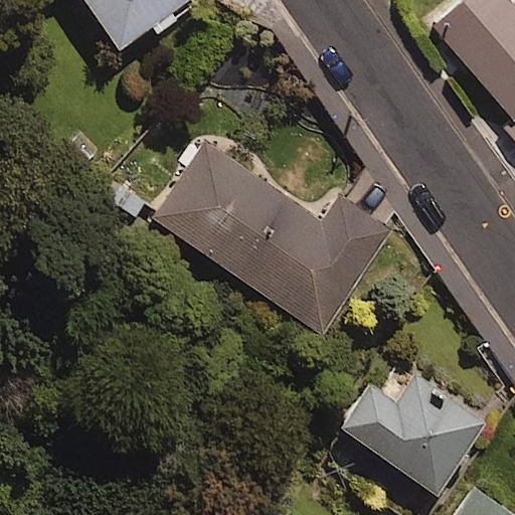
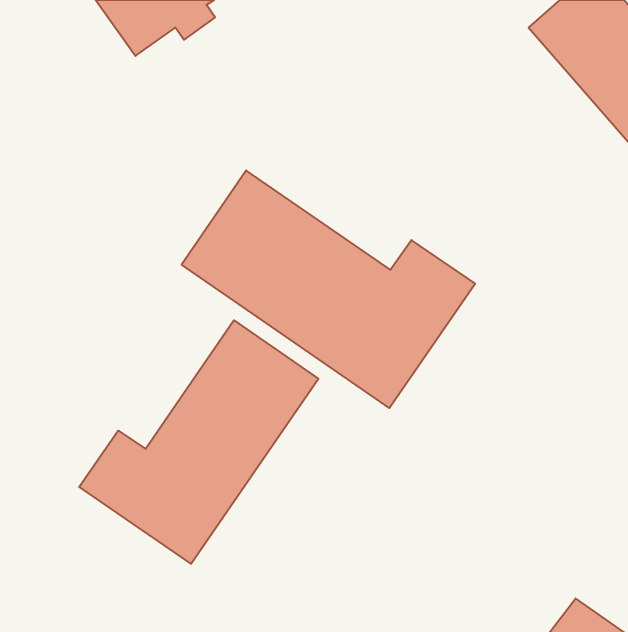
building: none -> [79,320,318,564]
building: [338,364,487,495] -> none

